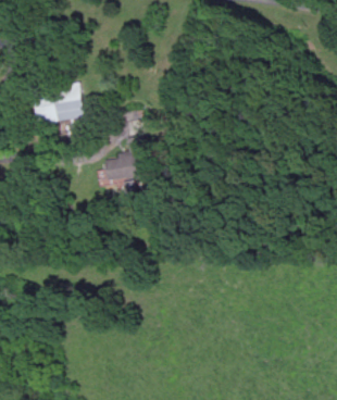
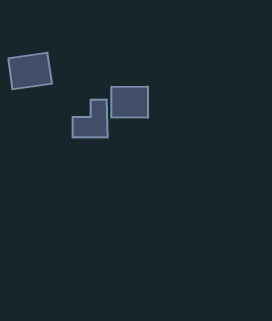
building: none -> [111,86,148,118]

